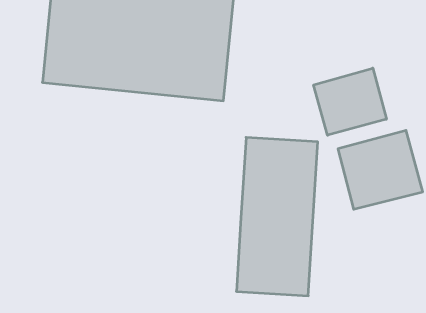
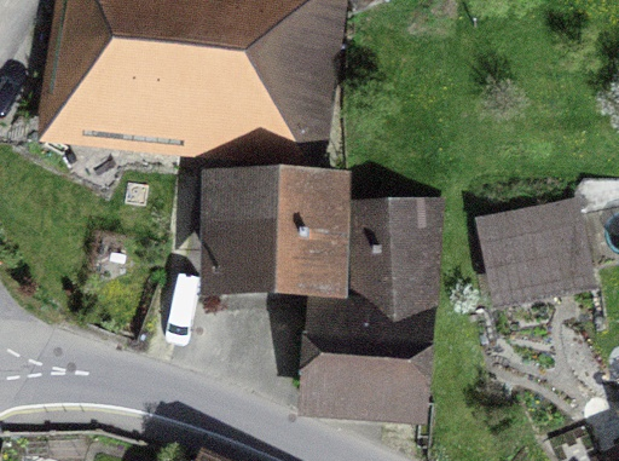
building: [314,68,386,135] -> none
building: none -> [213,174,347,311]

